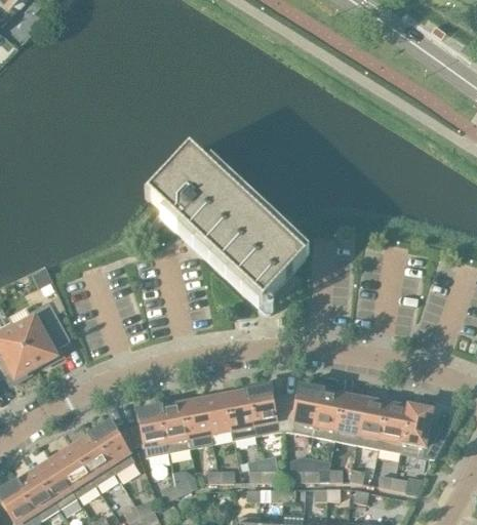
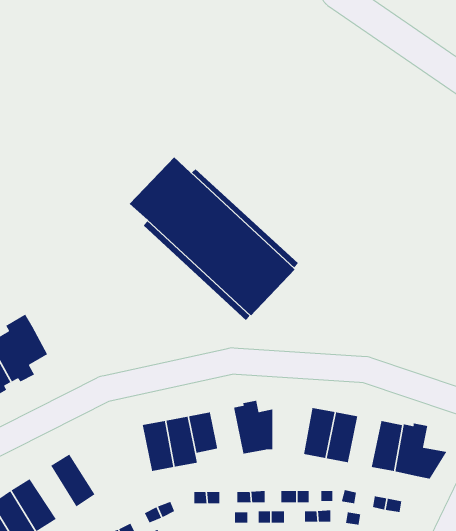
building: [284,382,321,435] -> none
building: [225,390,255,439] -> none
building: [356,398,387,447] -> none
building: [136,405,168,456] -> none
building: [90,419,134,473] -> none
building: [52,445,96,496] -> none

